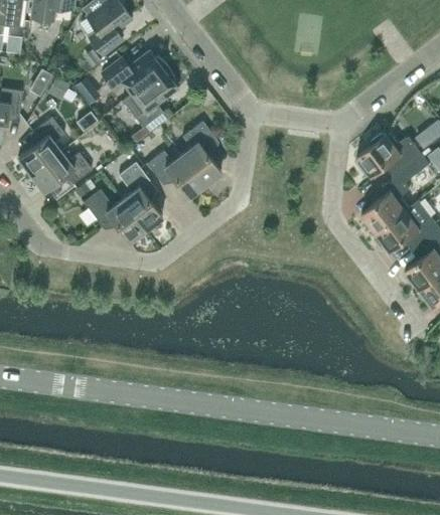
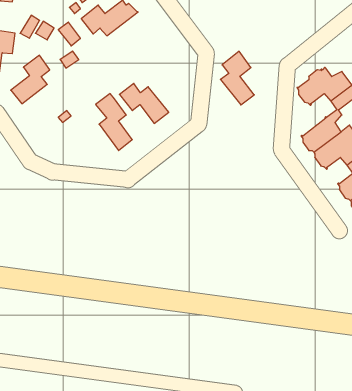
building: [122,65,176,128] -> none
building: [180,121,221,184] -> [220,51,254,105]
building: [30,151,92,191] -> none
building: [83,189,145,241] -> none

